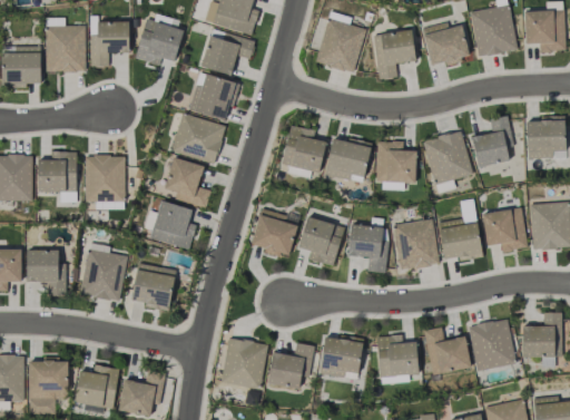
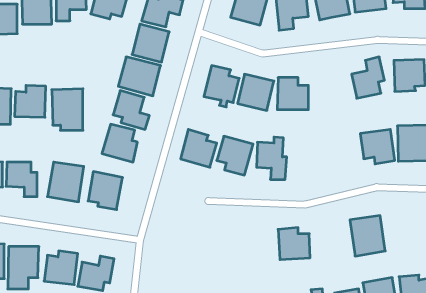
building: [423,130,472,185] -> none
building: [393,217,440,271] -> none
building: [438,218,482,262] -> none
building: [522,312,561,365] -> none
building: [423,326,470,374] -> none
building: [321,335,362,375] -> none
building: [220,338,266,389] -> none
building: [267,342,314,389] -> none

